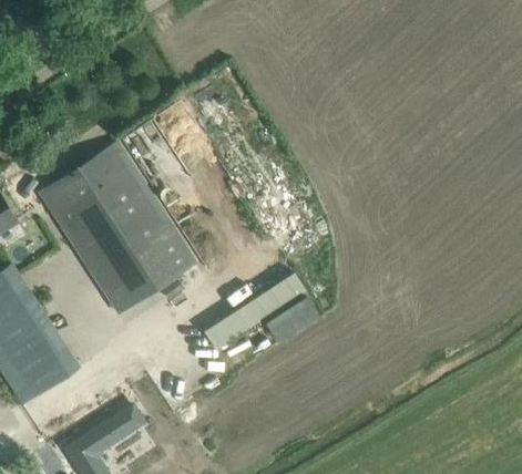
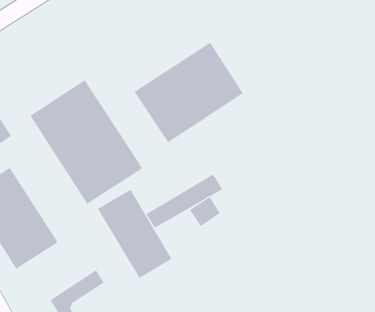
building: none -> [134,42,244,143]
building: none -> [97,189,172,279]

